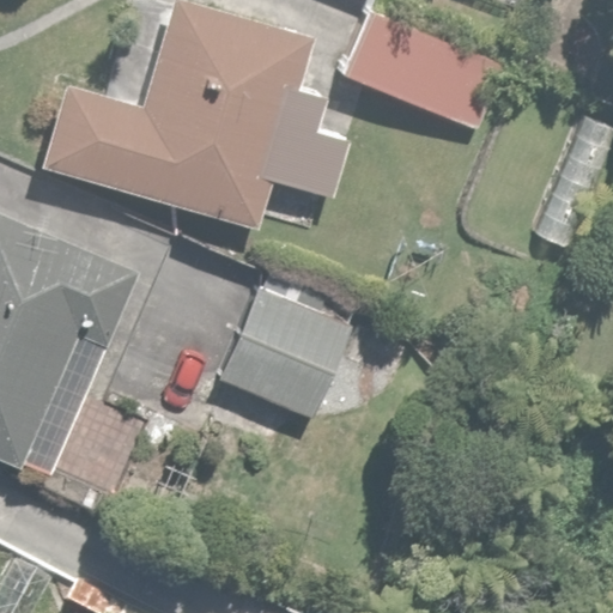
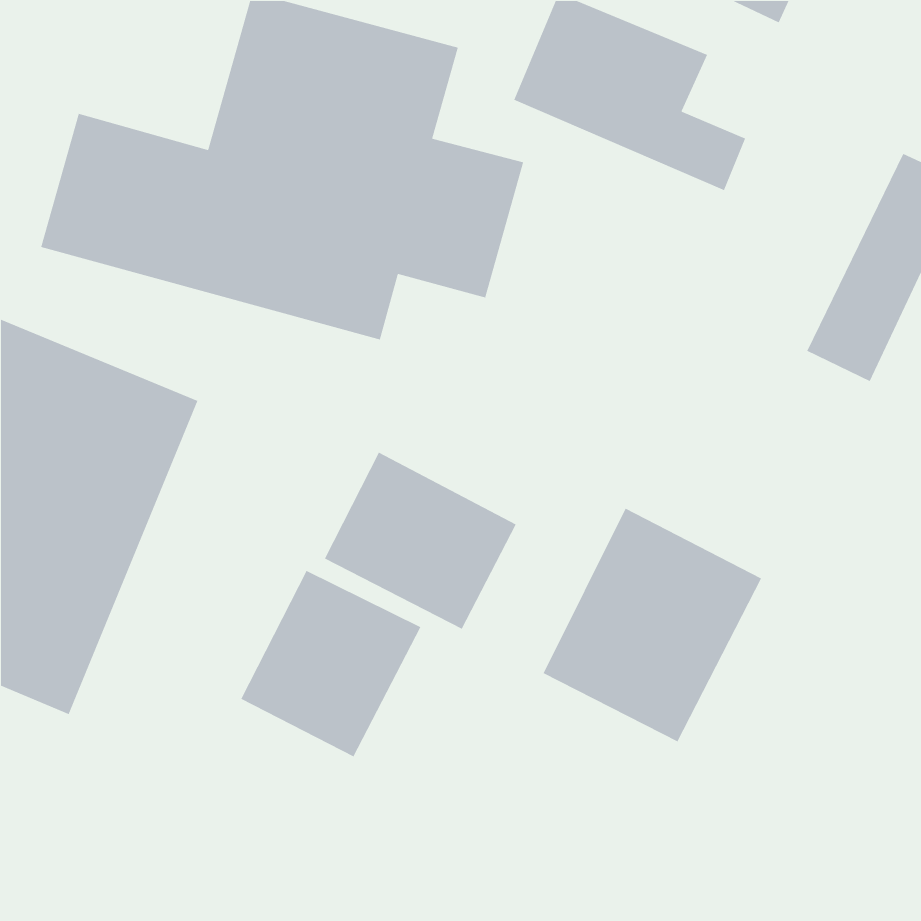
building: none -> [542,507,762,743]
building: none -> [240,570,421,758]

